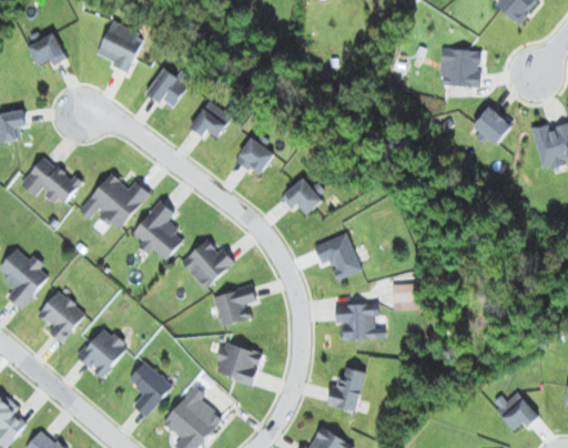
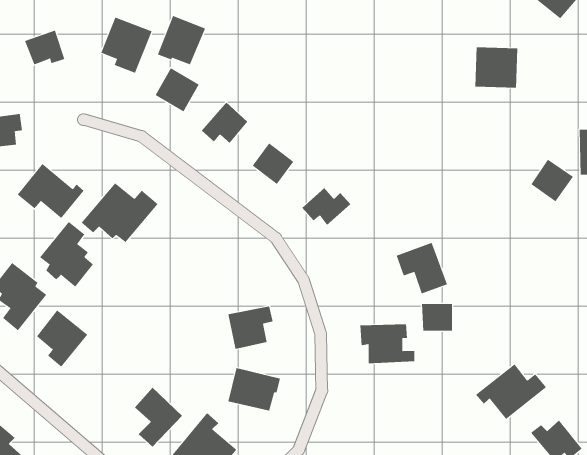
building: none -> [157,15,206,65]
building: [473,104,513,144] -> [530,159,574,202]
building: [132,200,182,261] -> [39,221,94,288]
building: [313,232,361,279] -> [396,242,448,294]
building: [180,238,234,289] -> none
building: [75,326,126,379] -> none
building: none -> [475,363,547,420]
building: [325,367,364,411] -> none

